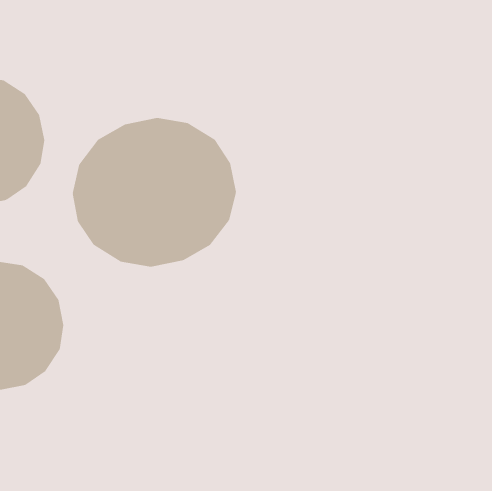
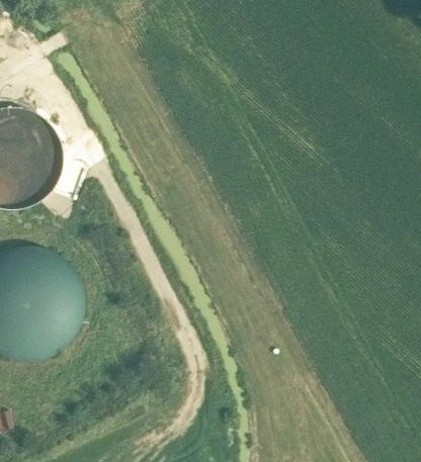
building: [72,117,236,267] -> none

